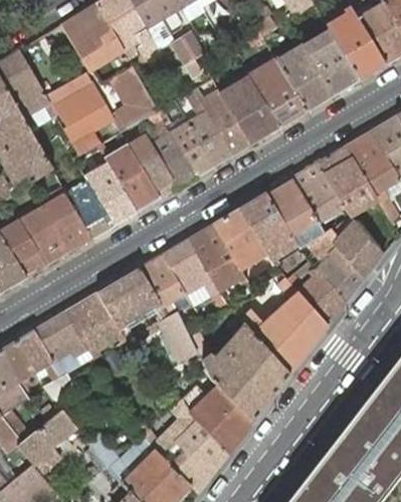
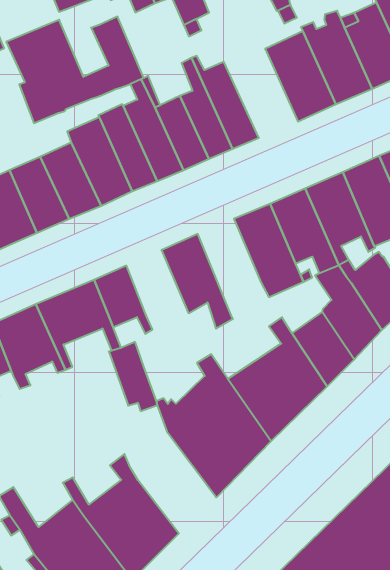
building: [219,75,279,144] -> none
building: [214,208,267,281] -> none
building: [163,239,218,305] -> none
building: [181,376,254,453] -> none

